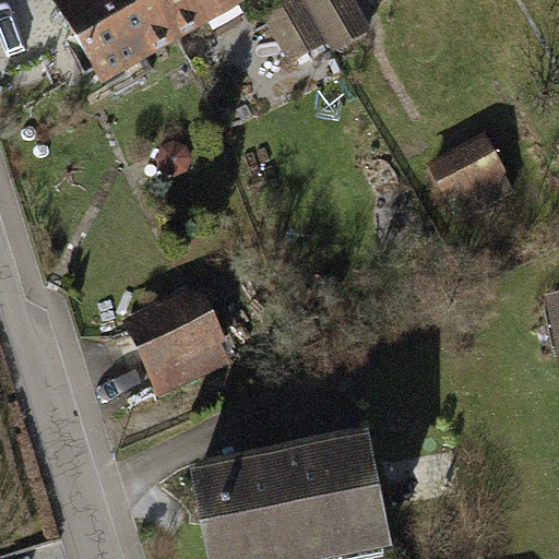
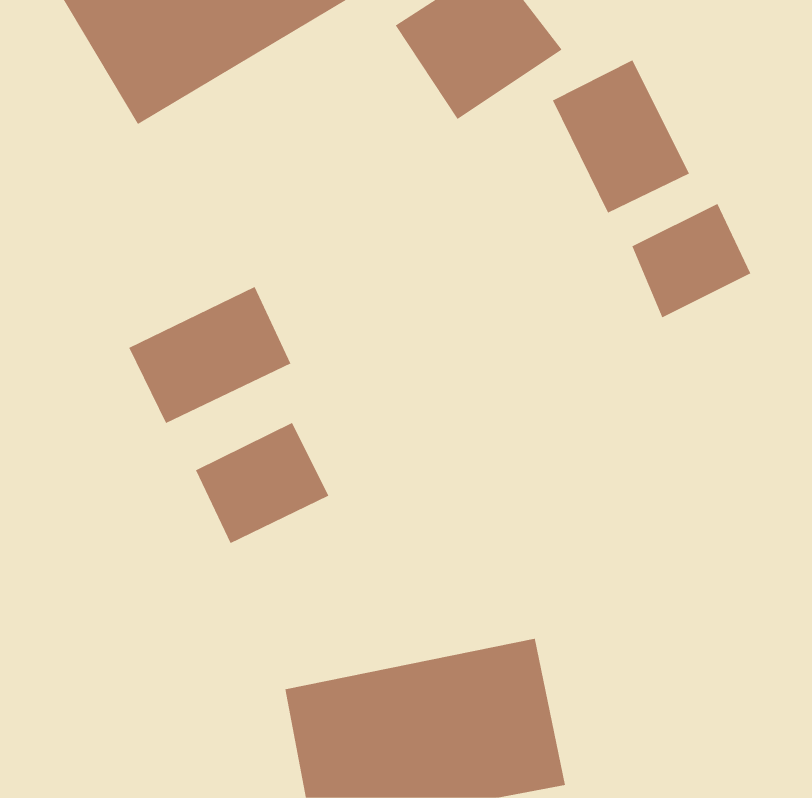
building: none -> [552,59,690,213]
building: none -> [128,286,291,424]

